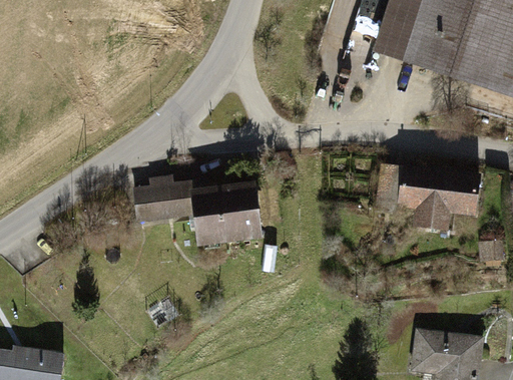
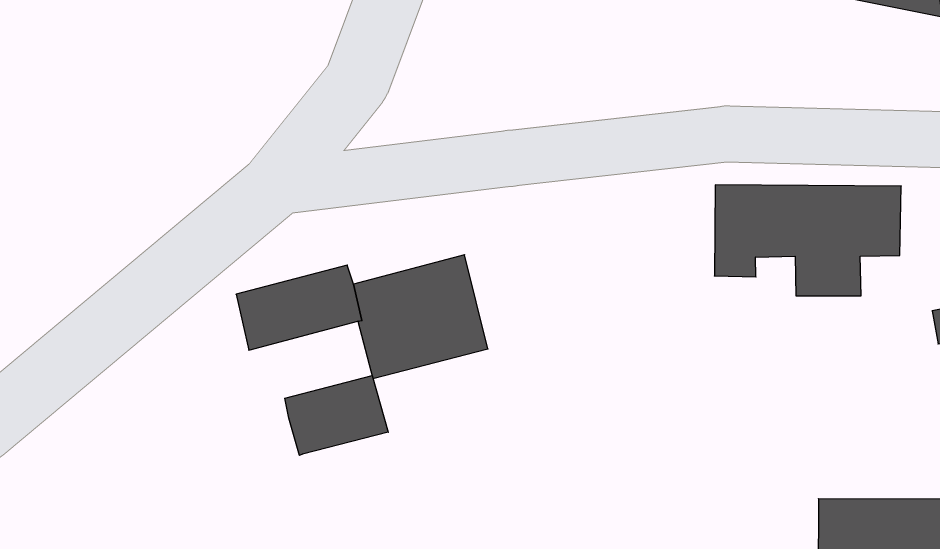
building: none -> [285,376,388,455]

